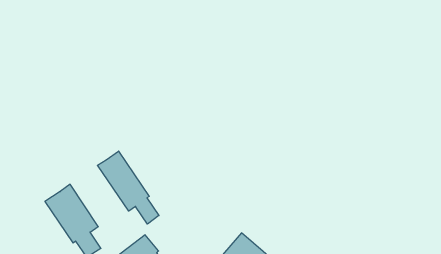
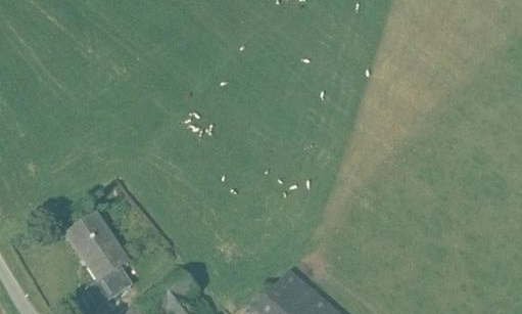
building: [97,151,159,224] -> none

